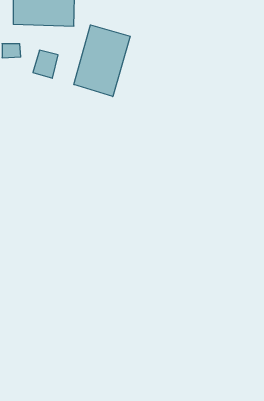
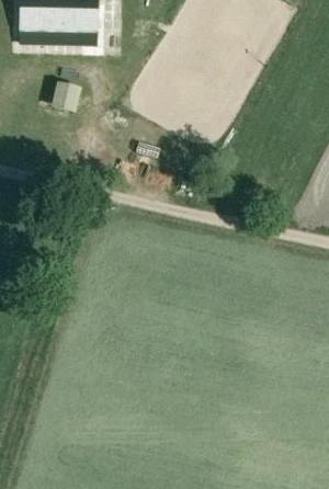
building: [74,25,130,97] -> none

